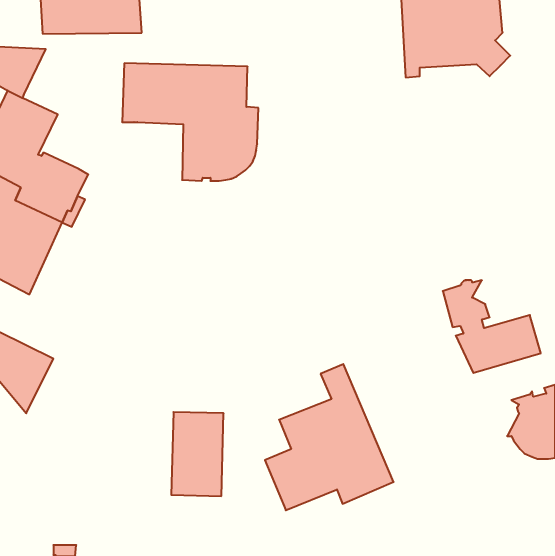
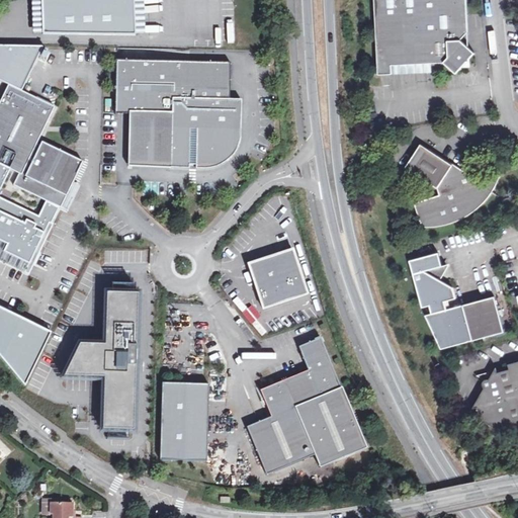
building: none -> [126,113,170,167]
building: none -> [403,140,499,224]
building: none -> [247,249,307,309]
building: none -> [68,295,142,433]

